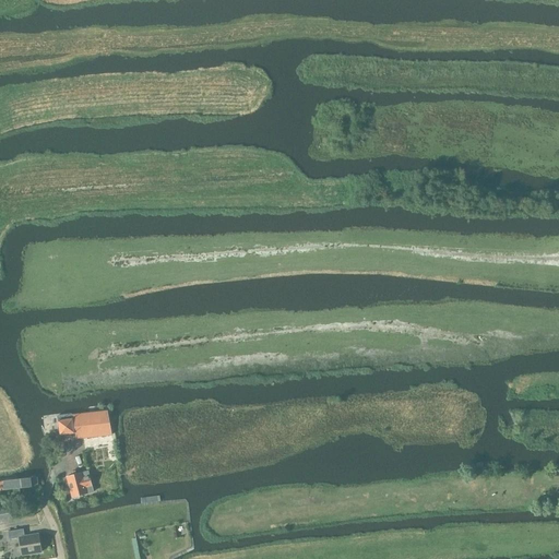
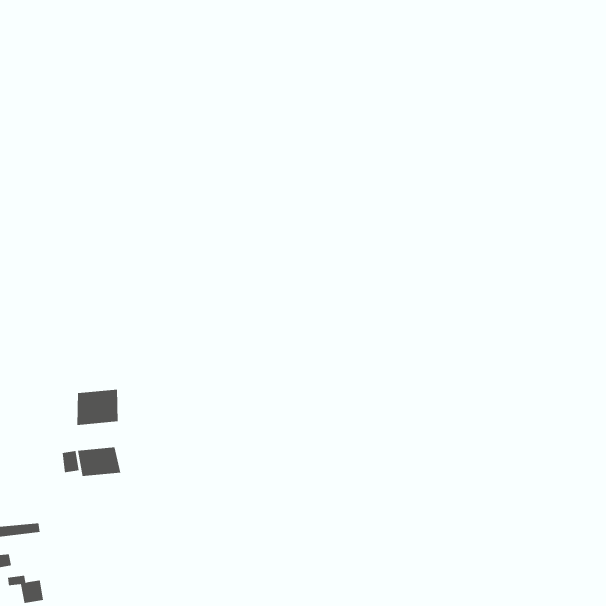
building: none -> [77,389,118,426]
building: [66,471,91,497] -> none

